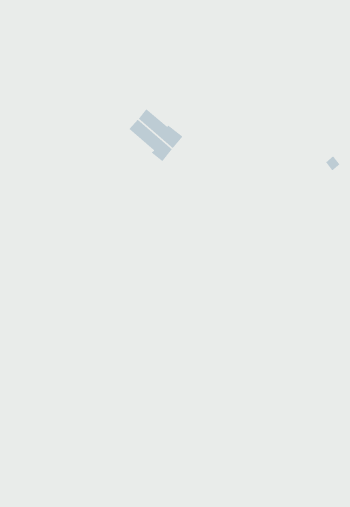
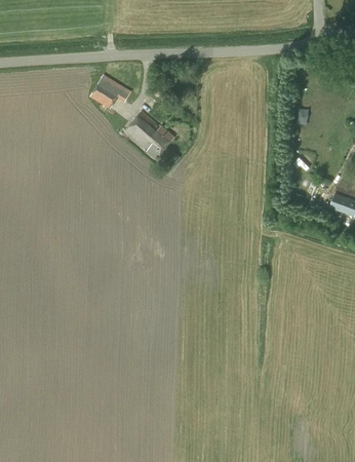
building: none -> [90,75,123,109]

